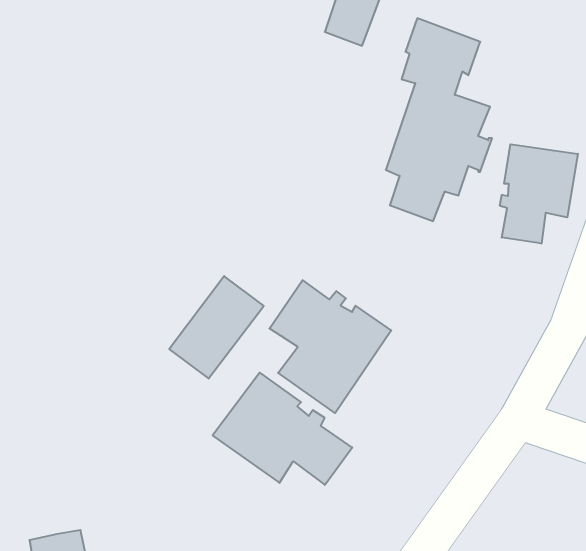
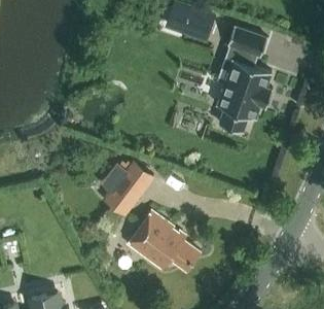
building: [500,144,578,244] -> none
building: [269,280,391,413] -> none

